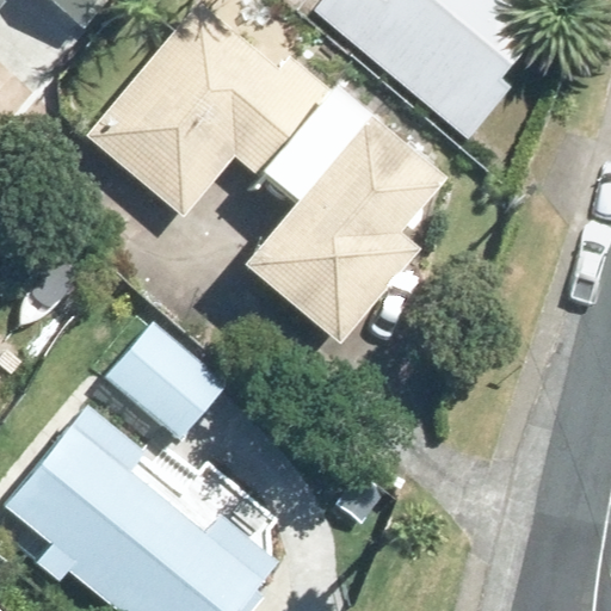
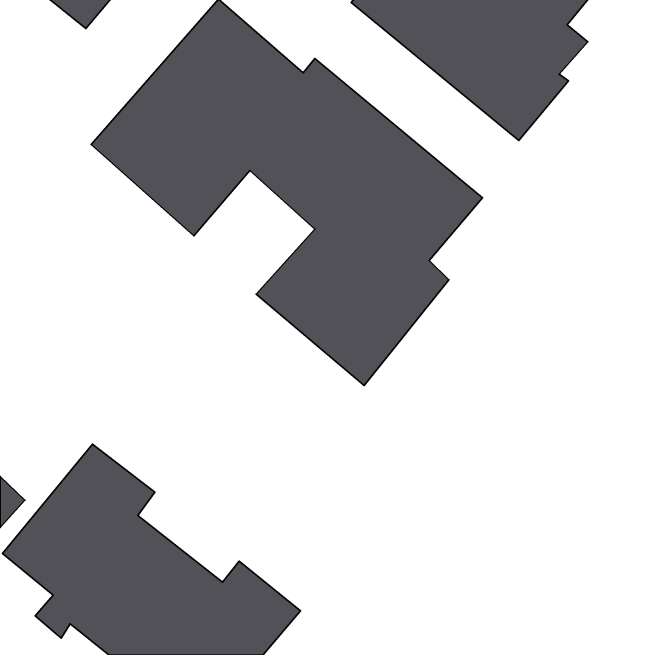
building: [105,319,229,443] -> none

